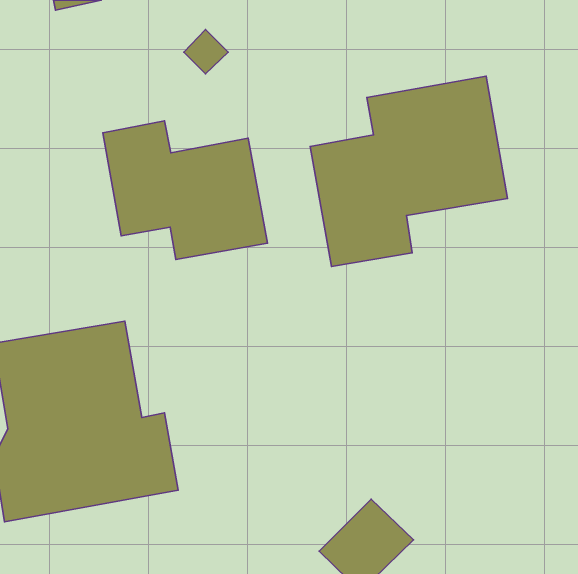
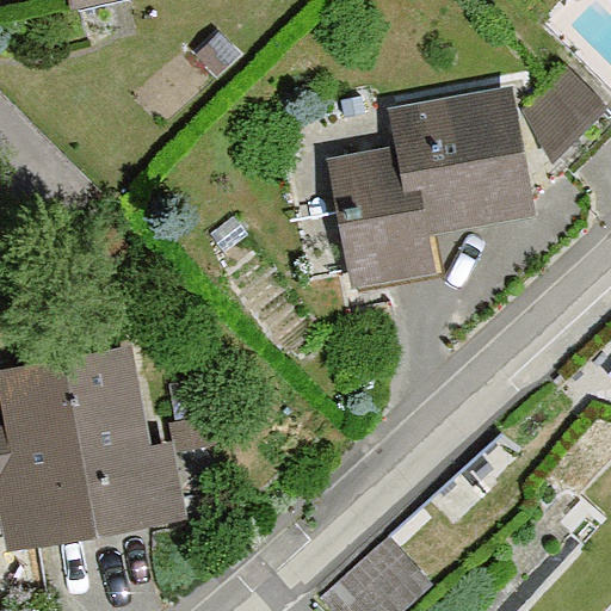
building: [103,121,267,259] -> none

